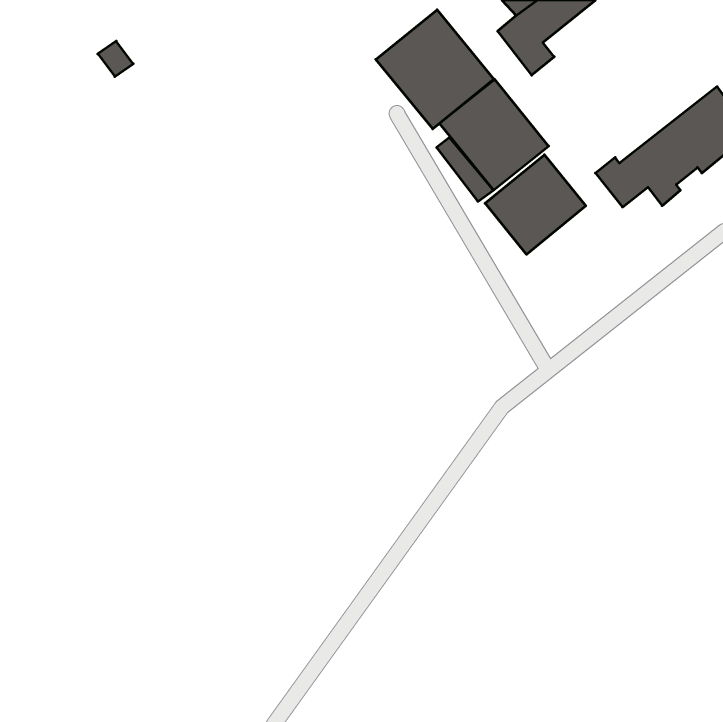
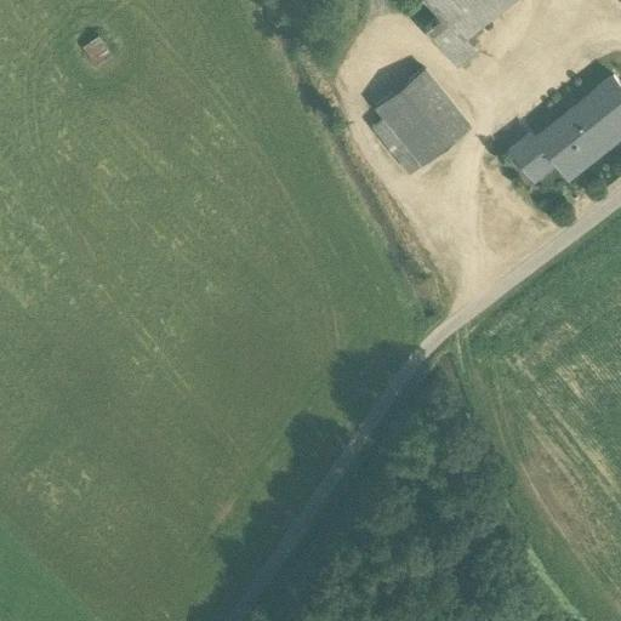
building: [376,10,494,129] -> none
building: [485,155,586,254] -> none

